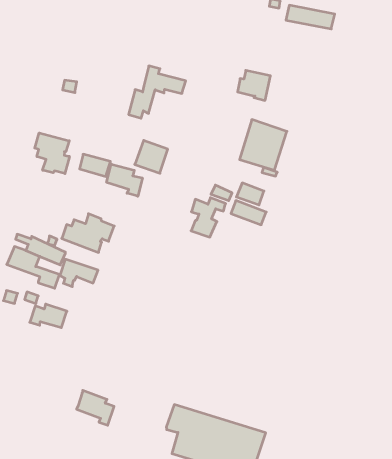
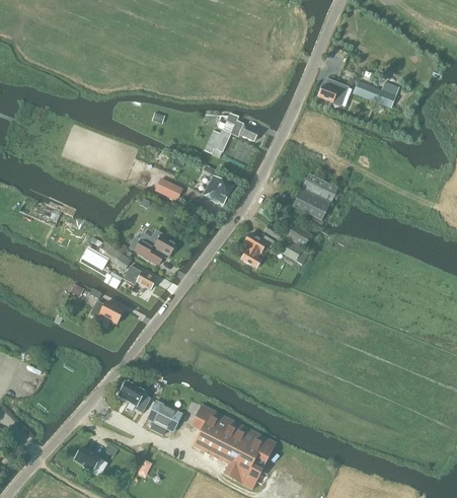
building: [238,70,270,100] -> [318,78,349,106]
building: [35,133,69,174] -> none
building: [107,164,142,196] -> none
building: none -> [148,400,182,434]

